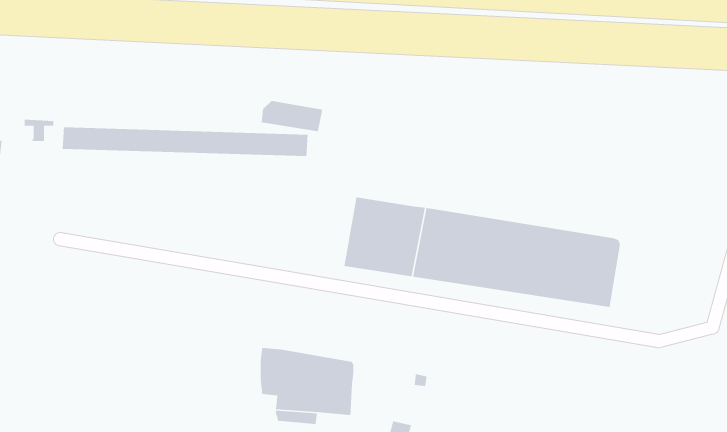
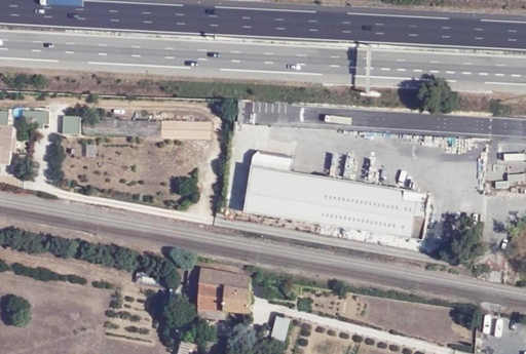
building: [261,100,323,132] -> [251,150,293,171]

